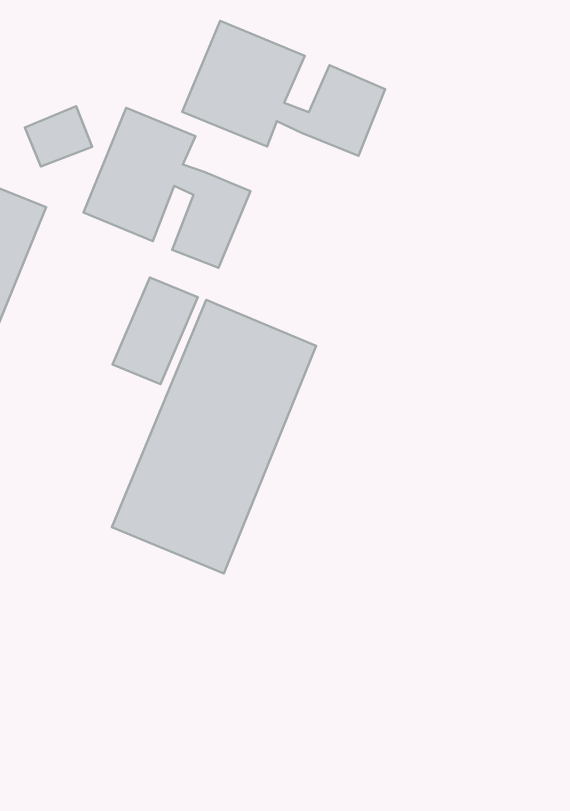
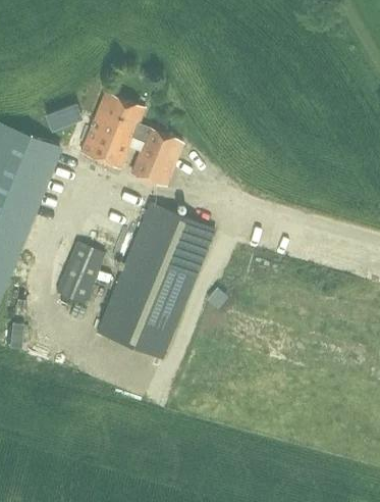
building: [182,21,385,156] -> none
building: [112,278,198,384] -> [56,243,105,304]

